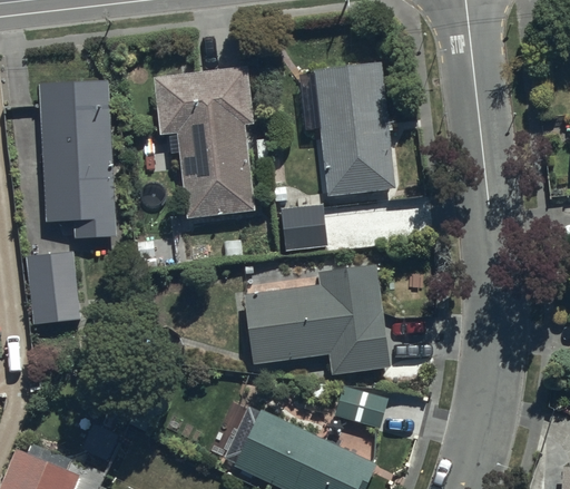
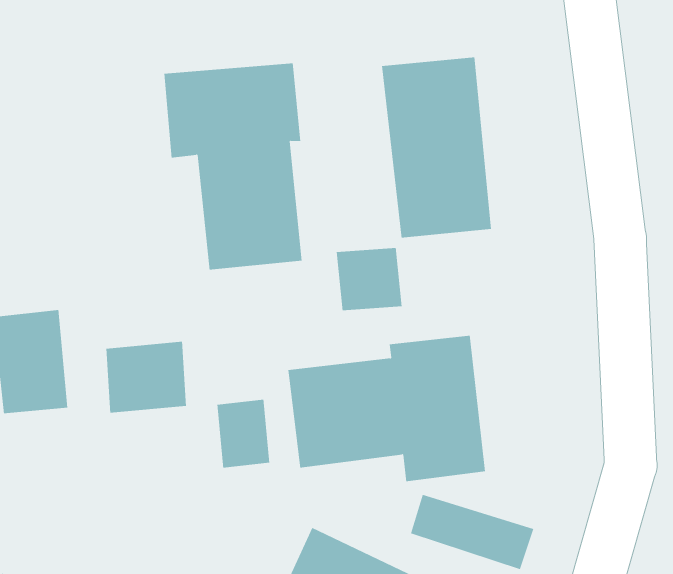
building: [38,79,115,239] -> none
building: none -> [106,341,186,414]
building: none -> [217,399,270,468]

